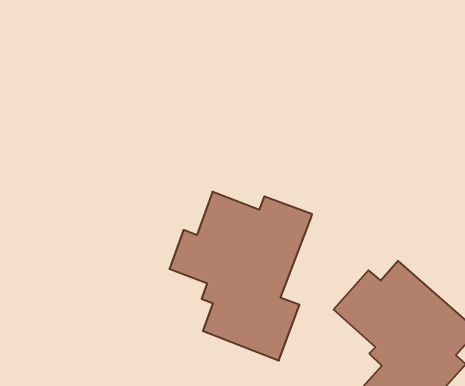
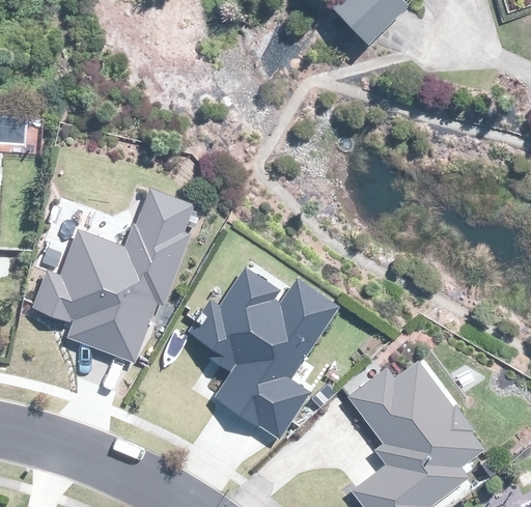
building: none -> [32,190,193,364]

